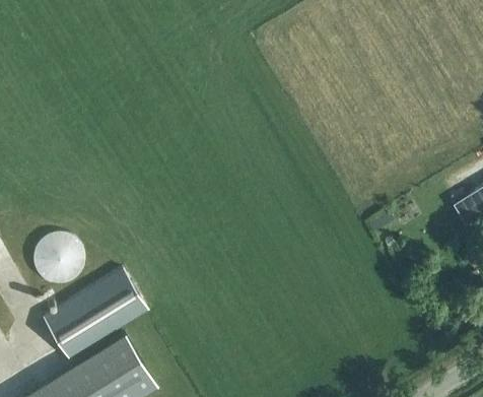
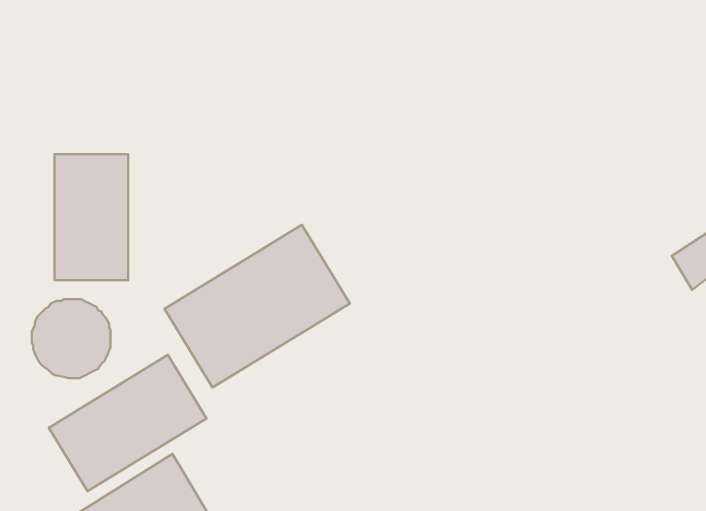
building: none -> [54,154,128,280]
building: none -> [165,225,350,387]

